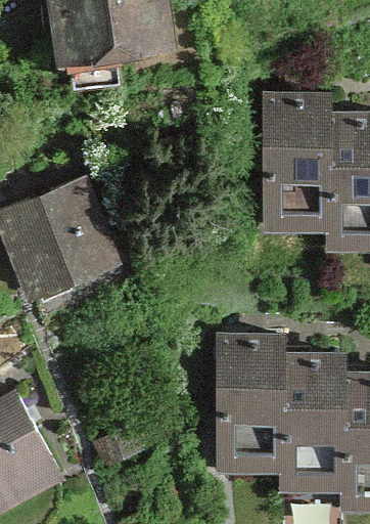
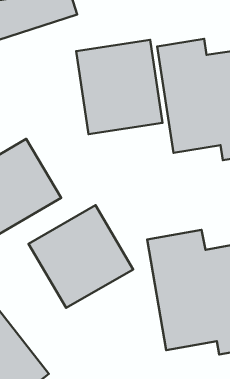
building: none -> [76,40,163,134]
building: none -> [29,205,133,308]

